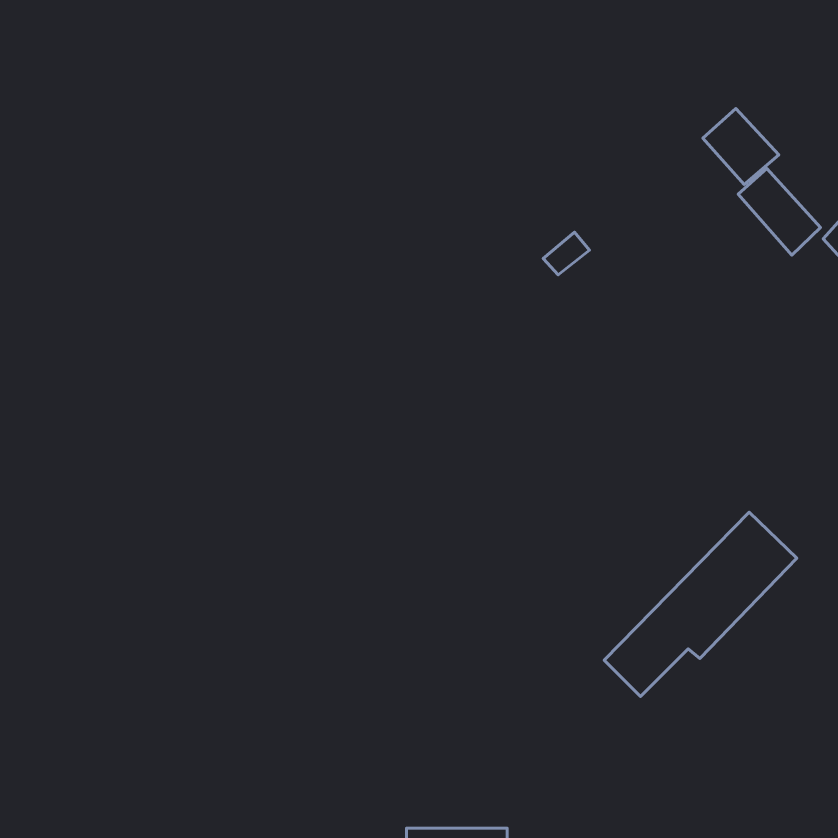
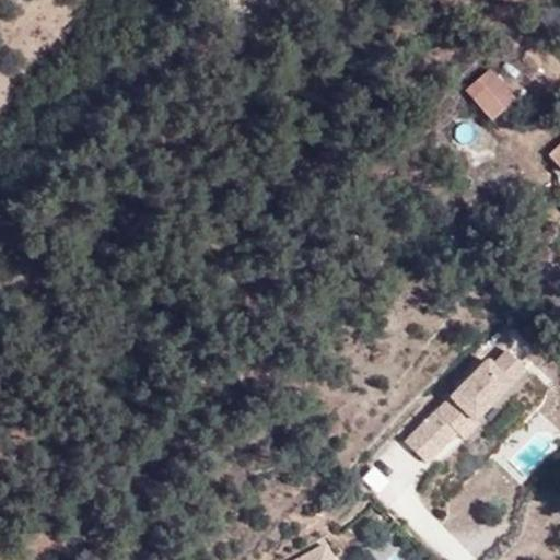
building: [738,168,820,255] -> none

